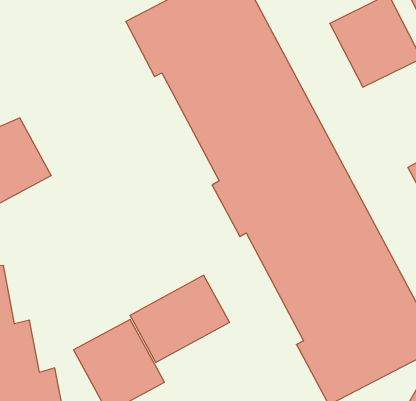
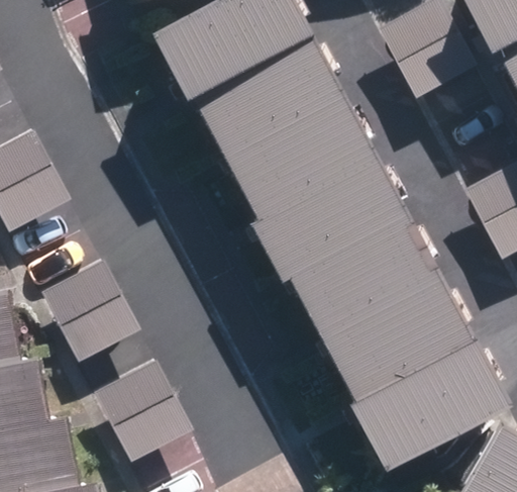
building: none -> [43,270,144,373]
building: [130,275,229,363] -> none

